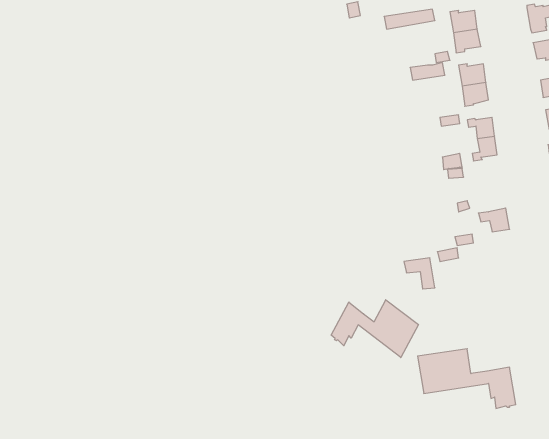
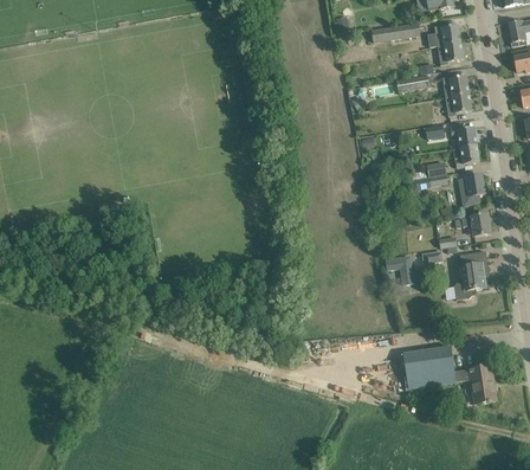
building: none -> [458,173,484,207]
building: none -> [454,250,489,298]
building: [331,300,418,358] -> none

